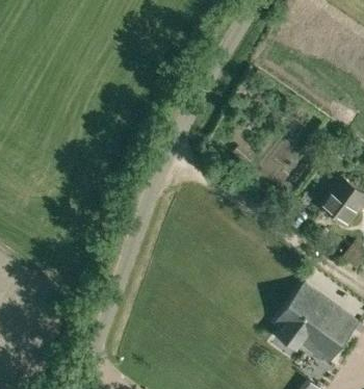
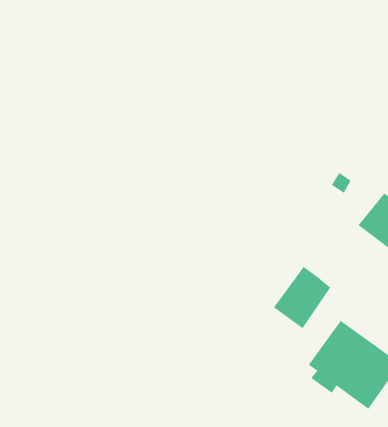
building: none -> [273,266,331,329]

